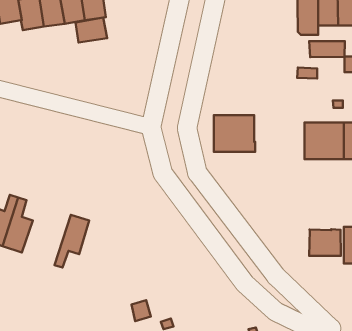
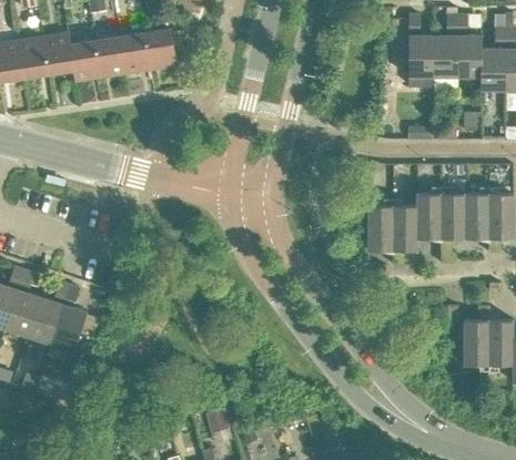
building: [76,18,107,42] -> none
building: [309,41,345,57] -> none
building: [214,115,255,152] -> [368,206,418,251]
building: [55,215,89,268] -> none
building: [309,229,341,256] -> none

